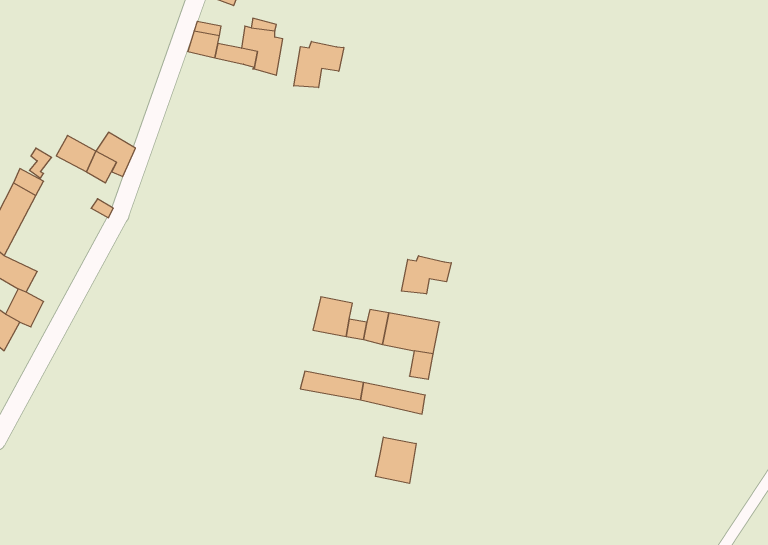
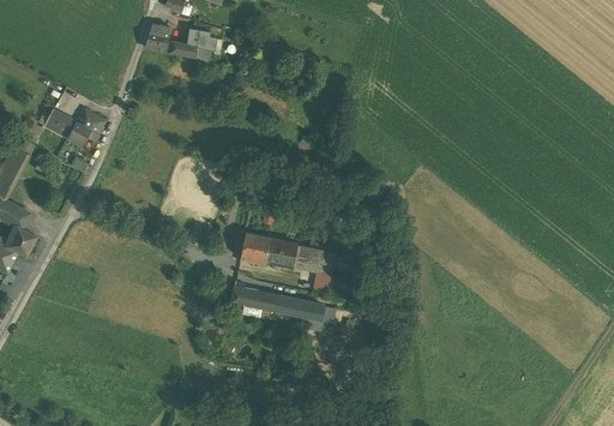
building: [294,41,344,88] -> none
building: [401,256,451,294] -> none
building: [375,437,416,483] -> none

